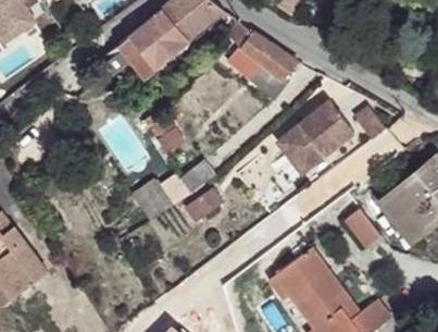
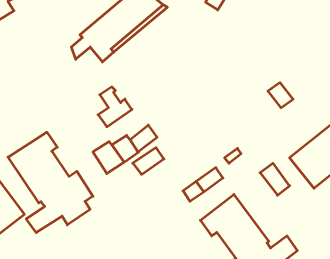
building: [224,21,298,101] -> none
building: [272,95,354,173] -> none
building: none -> [8,132,93,233]

